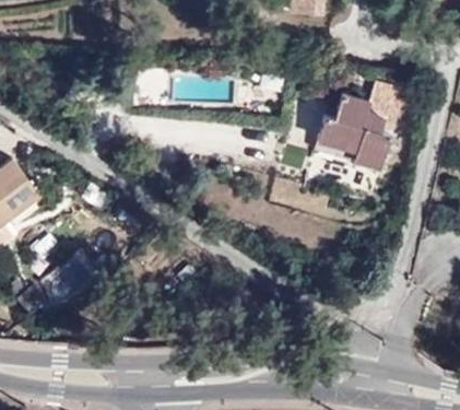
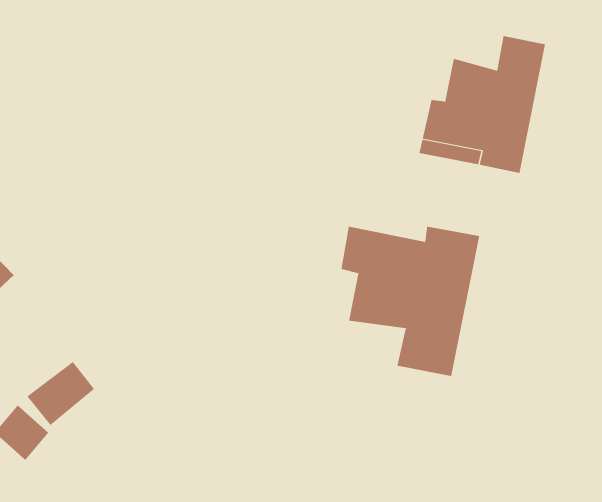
building: none -> [341,226,480,377]

